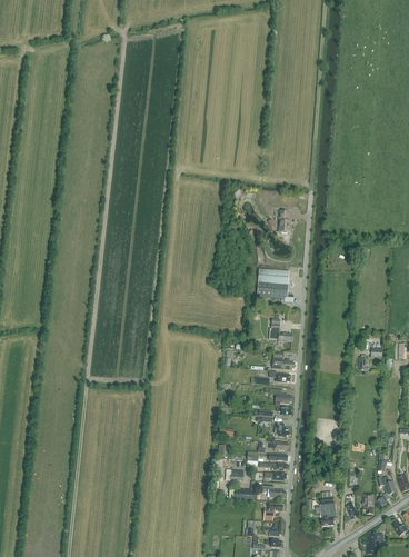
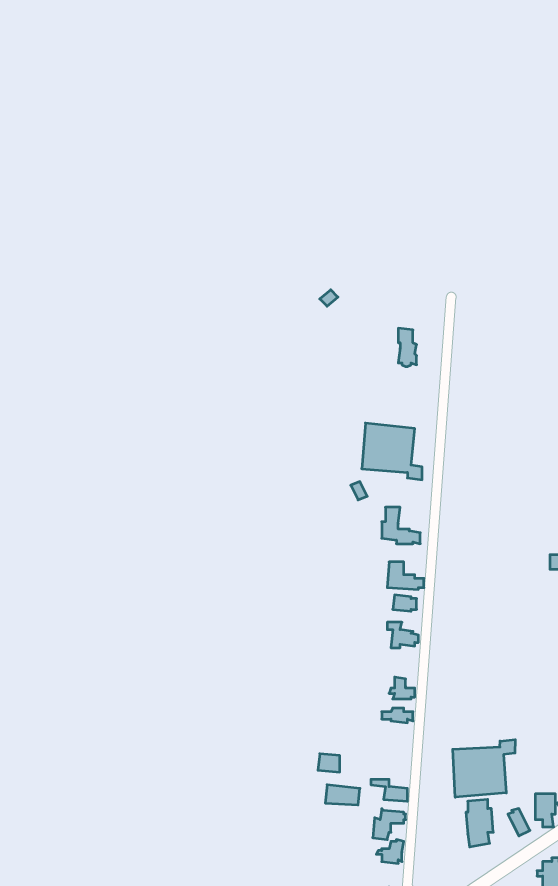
building: none -> [453,740,515,797]

